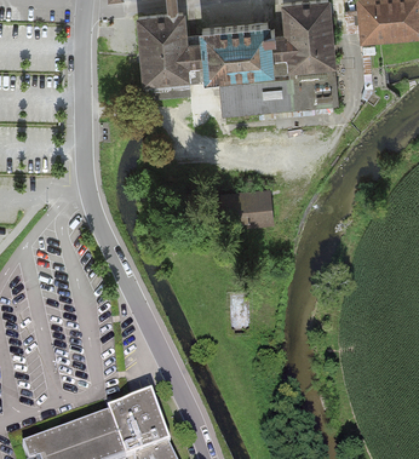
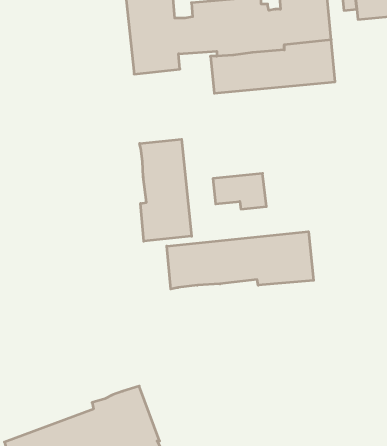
building: none -> [140,139,192,241]
building: none -> [167,232,314,289]

